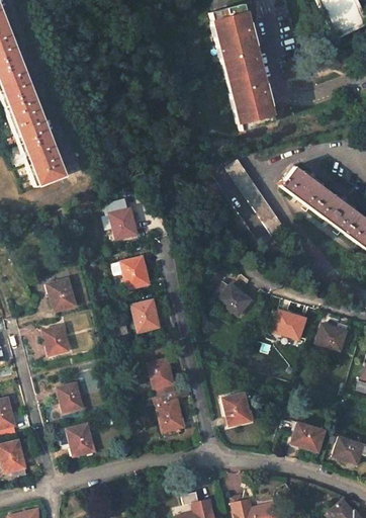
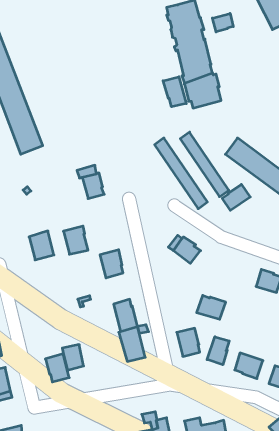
building: none -> [212,13,233,32]
building: none -> [163,77,186,107]
building: none -> [222,184,250,210]
building: [120,255,150,288] -> [63,226,88,254]
building: [272,310,306,338] -> [197,295,226,319]
building: [42,324,69,354] -> none
building: [58,381,83,412] -> [62,345,84,370]
building: none -> [207,337,229,365]

